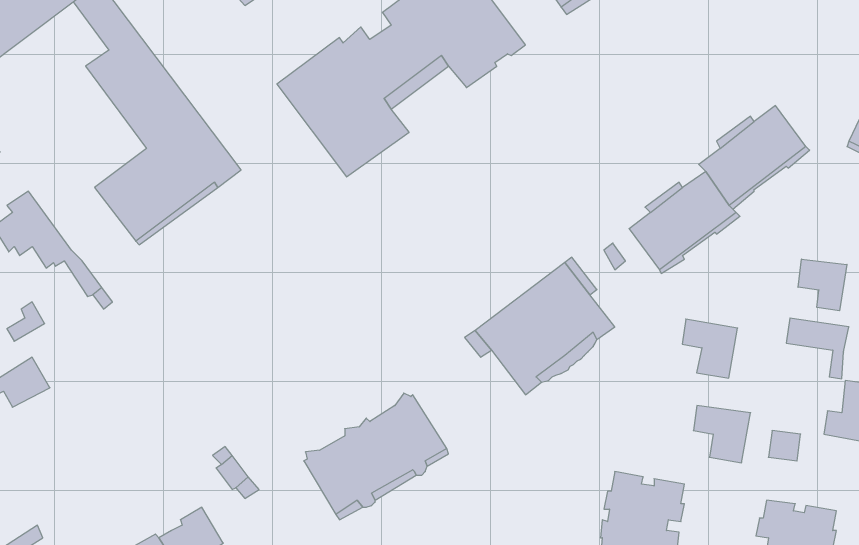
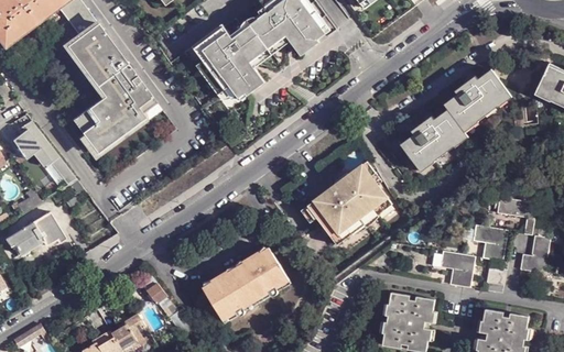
building: [798,259,847,311] -> none
building: [682,319,738,378] -> [473,226,507,262]
building: none -> [32,211,66,245]

